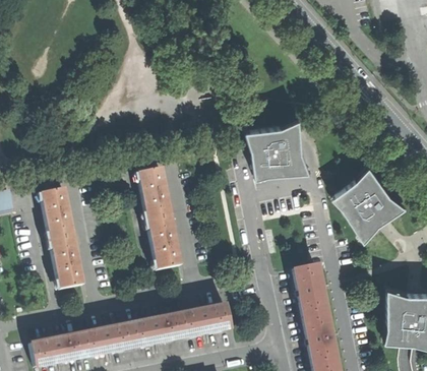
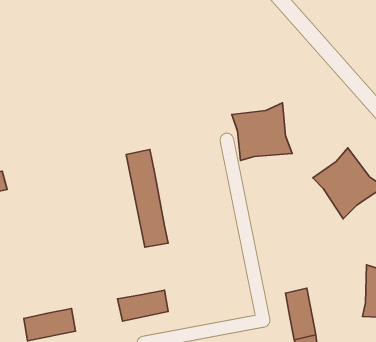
building: [41,188,83,289] -> none
building: [293,263,325,317] -> none
building: [177,304,231,336] -> none
building: [80,323,133,357] -> none

